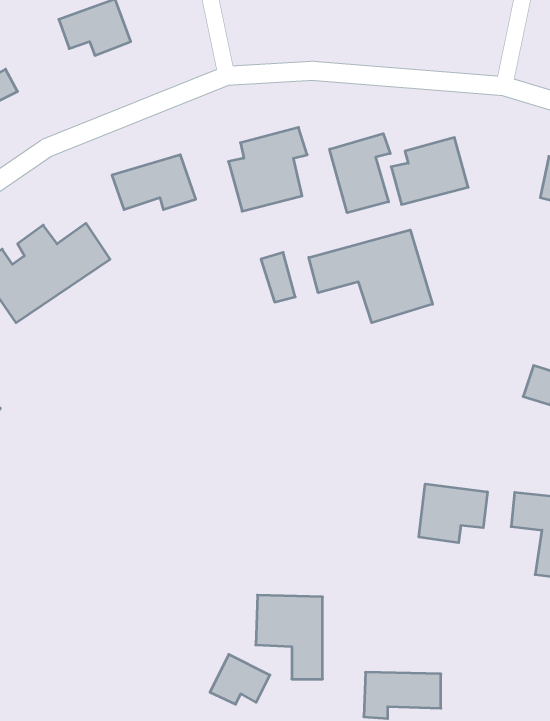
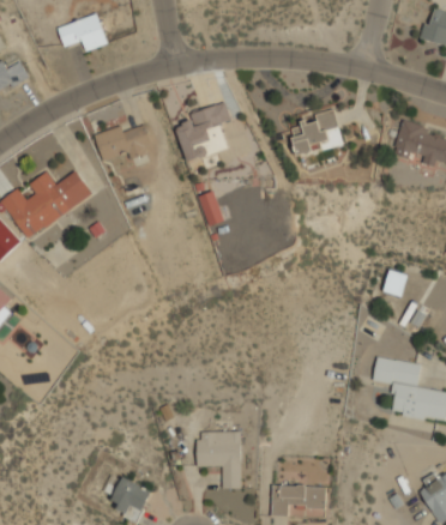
building: [330,134,390,213] -> none
building: [309,230,433,323] -> none
building: [419,484,487,543] -> none
building: [210,654,270,704] -> [110,477,152,512]

